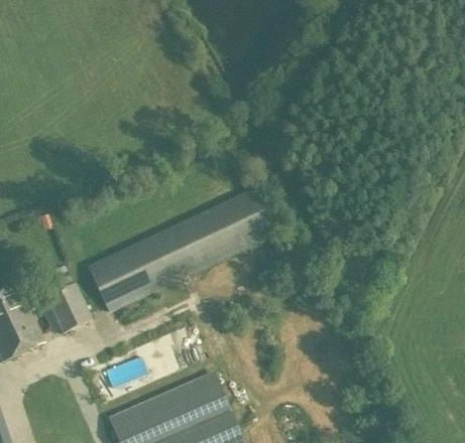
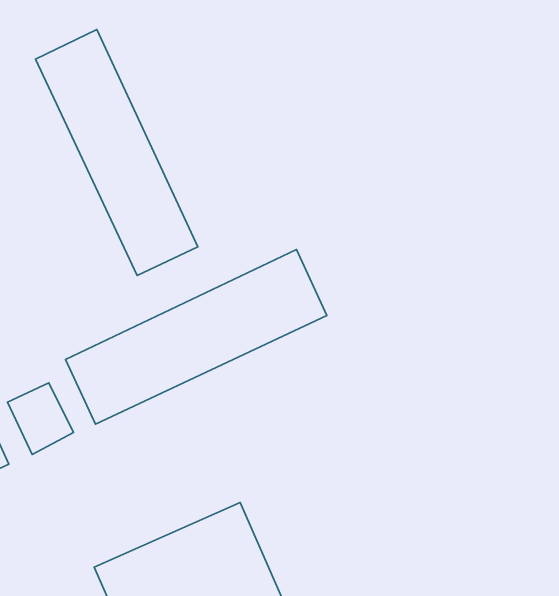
building: none -> [35,29,198,275]

